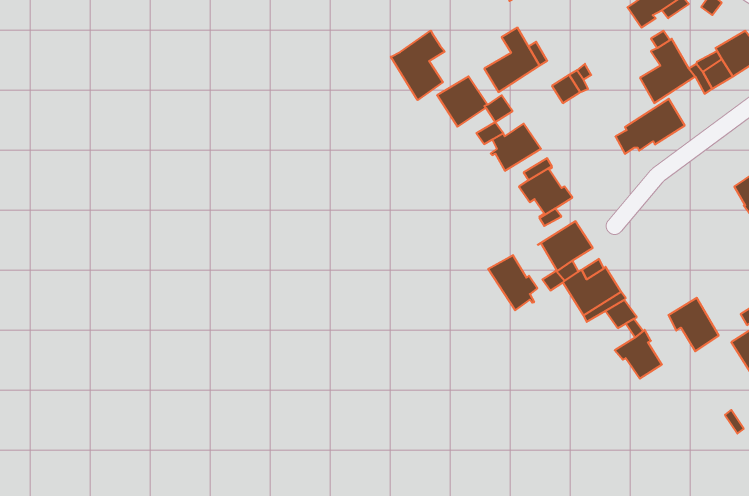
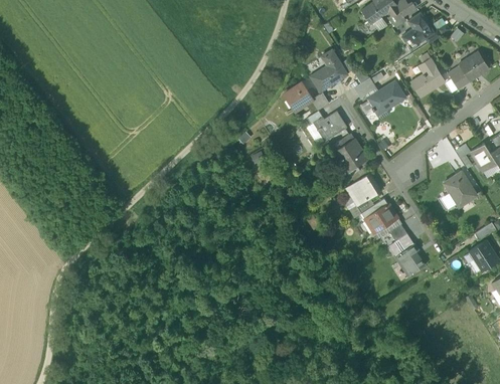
building: [391,31,445,100] -> none
building: [615,99,685,154] -> [361,80,405,116]
building: [488,255,537,310] -> none
building: [668,298,719,351] -> [444,172,476,206]

